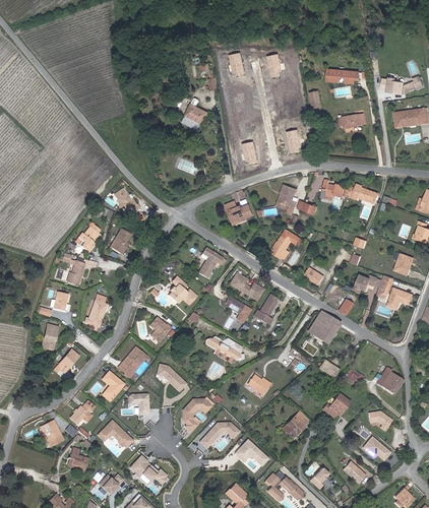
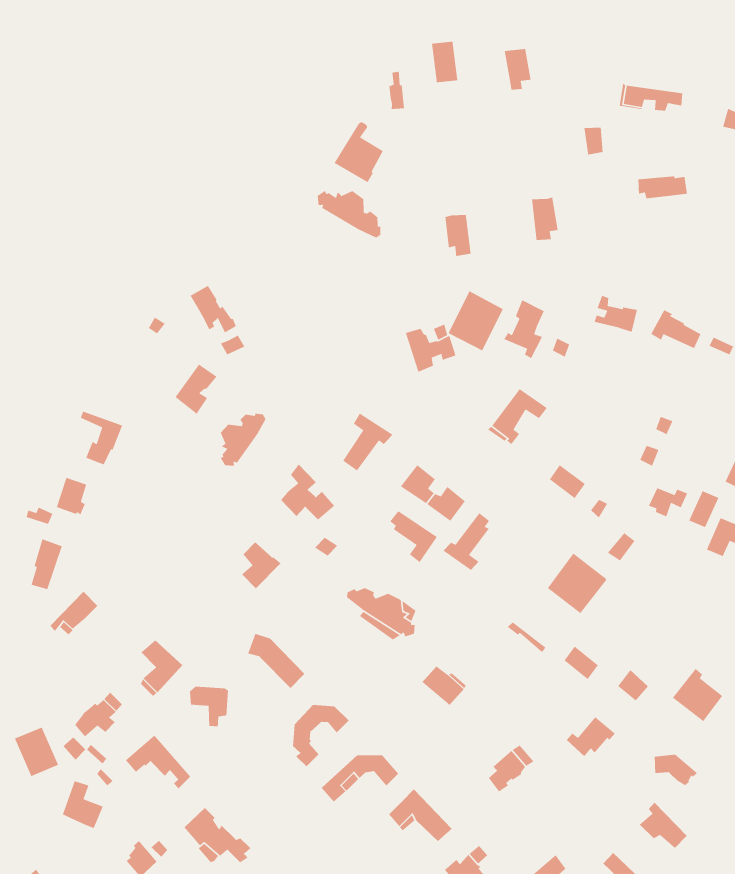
building: none -> [317,190,381,239]
building: none -> [448,290,504,351]
building: [74,221,100,253] -> none
building: none -> [219,413,267,467]
building: [84,295,111,326] -> none
building: [118,347,146,378] -> none

